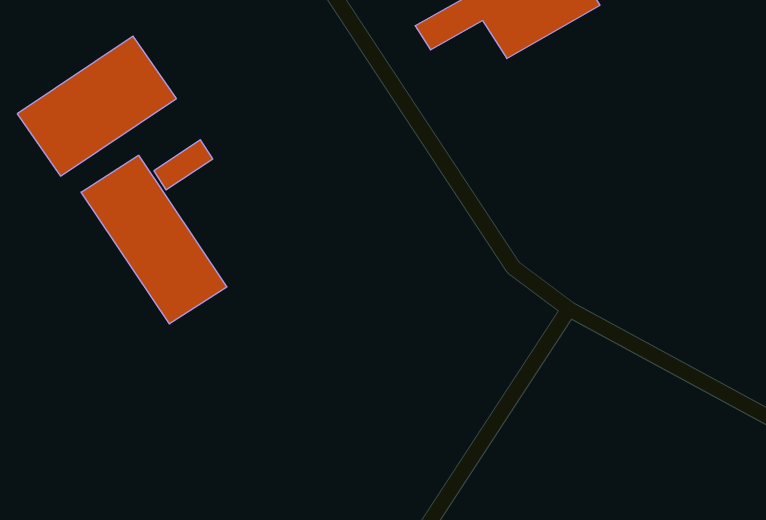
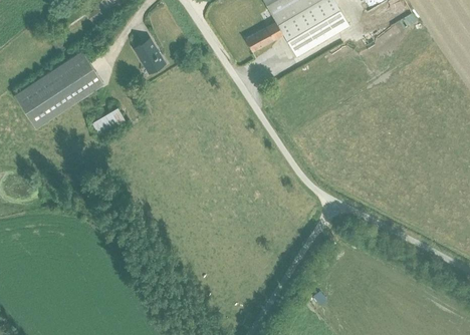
building: none -> [132,35,165,72]
building: [81,155,227,324] -> none

